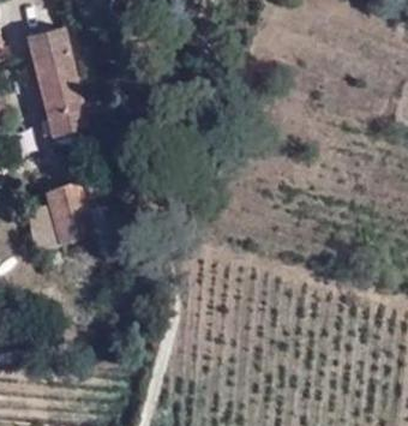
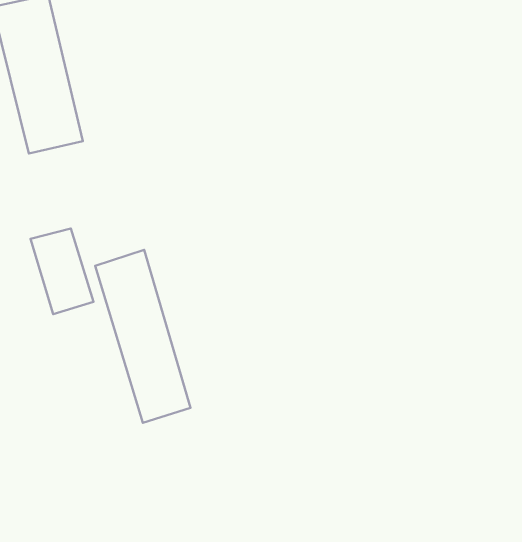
building: none -> [95,250,190,423]

